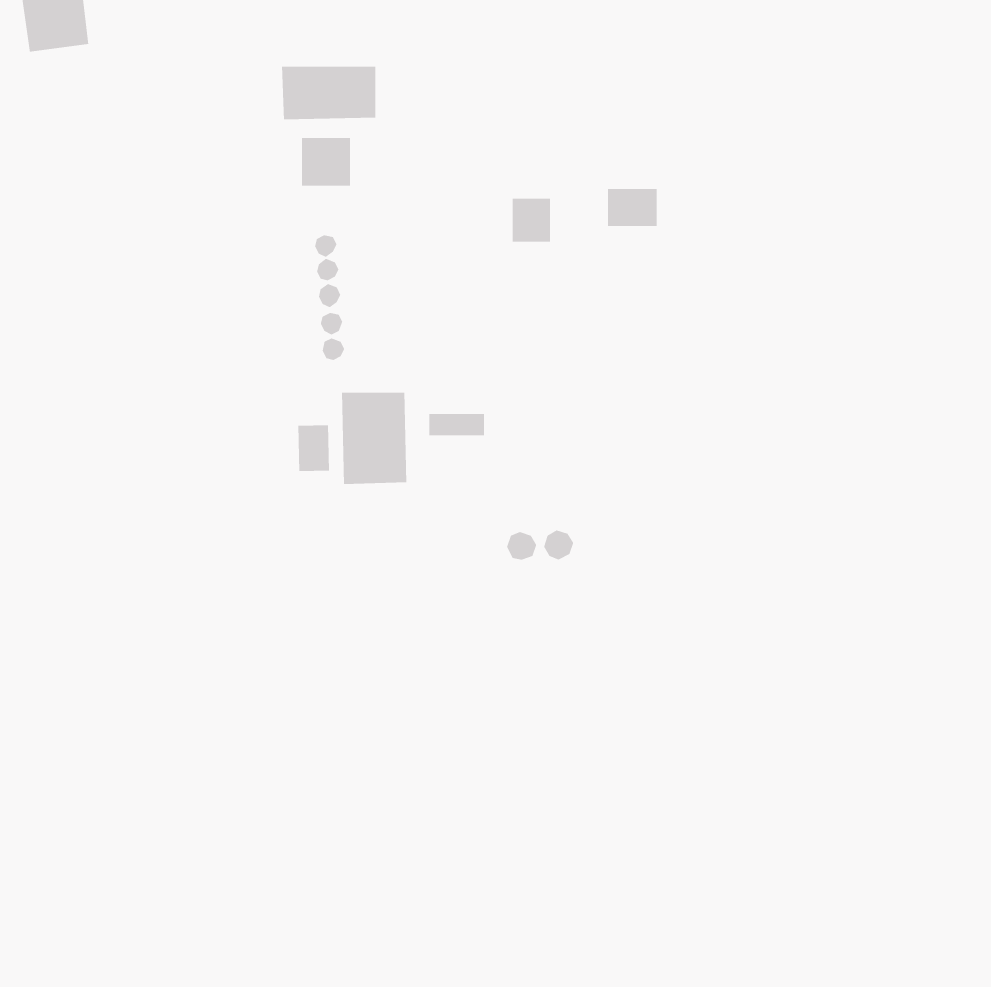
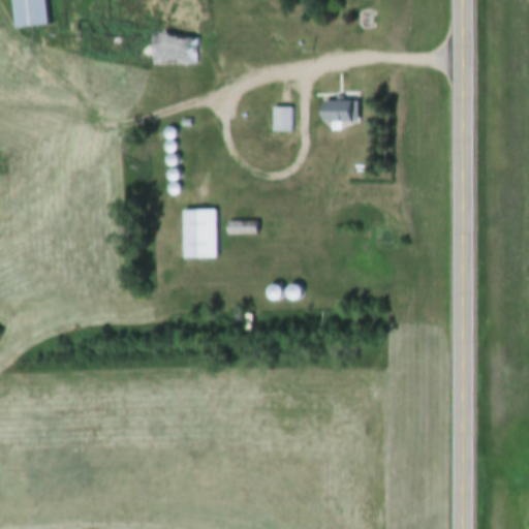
building: [301,137,351,186] -> none
building: [298,425,330,472] -> none

